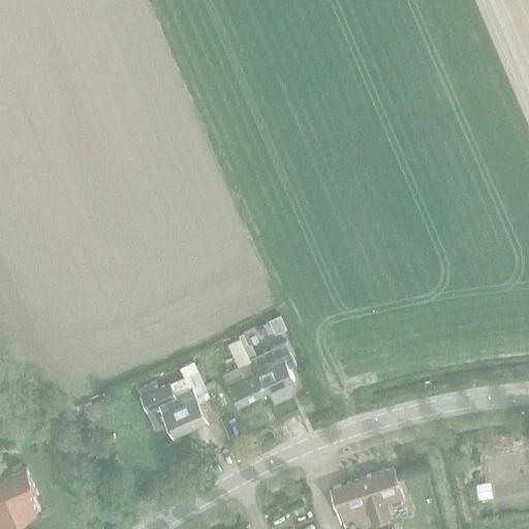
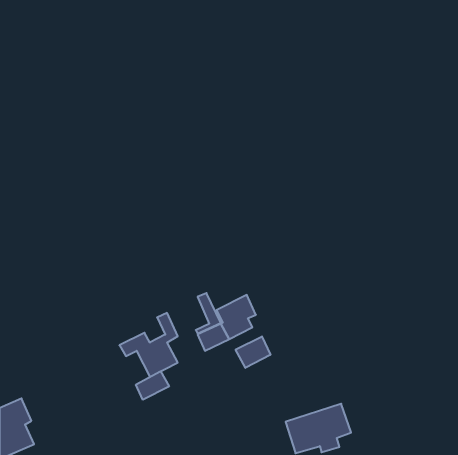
building: none -> [236,336,270,368]
building: none -> [136,371,169,400]

